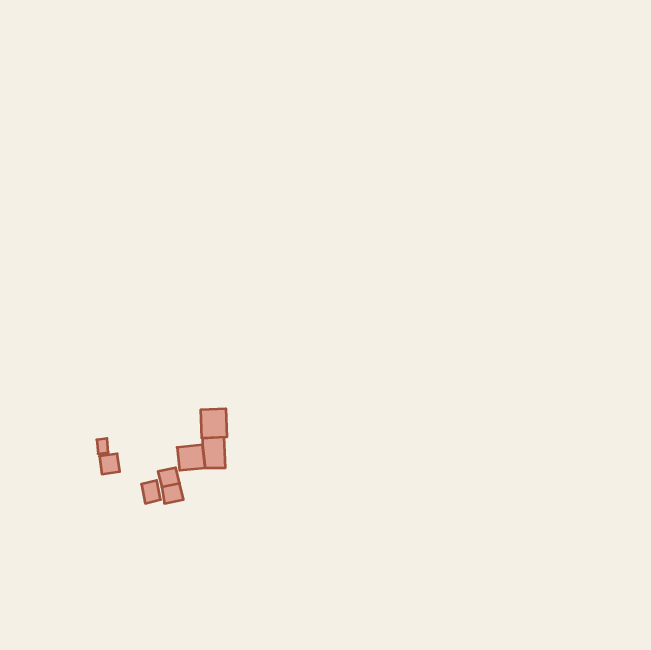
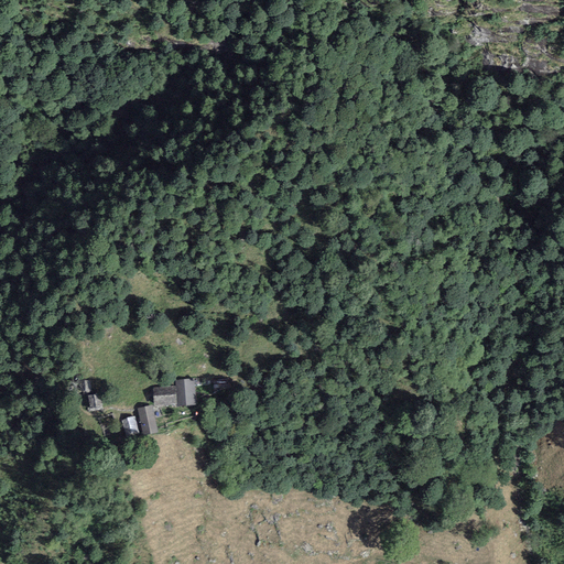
building: [201,409,227,438] -> none

